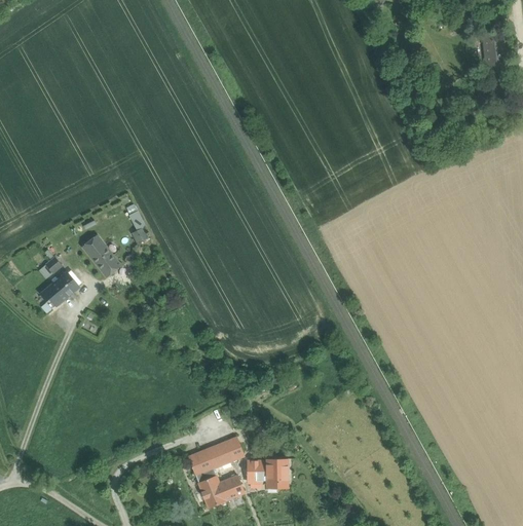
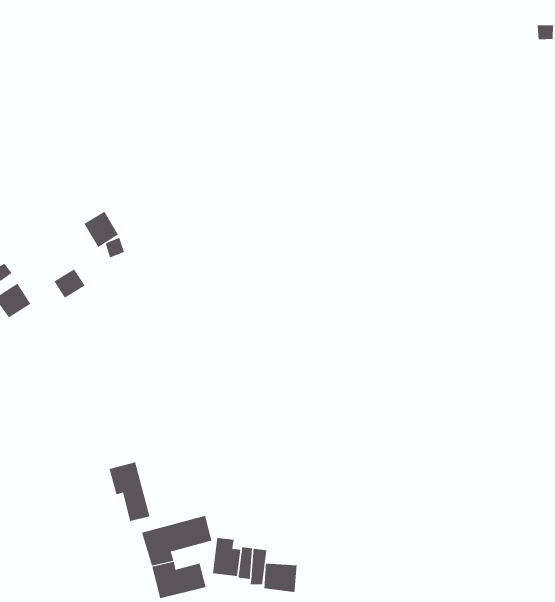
building: [81,238,110,268] -> [84,211,119,248]
building: none -> [109,462,150,522]
building: none -> [264,563,297,593]

